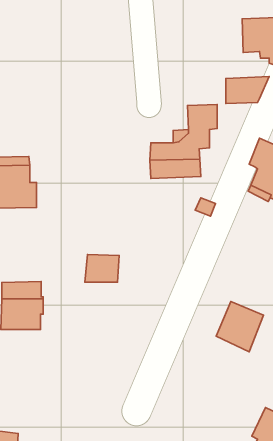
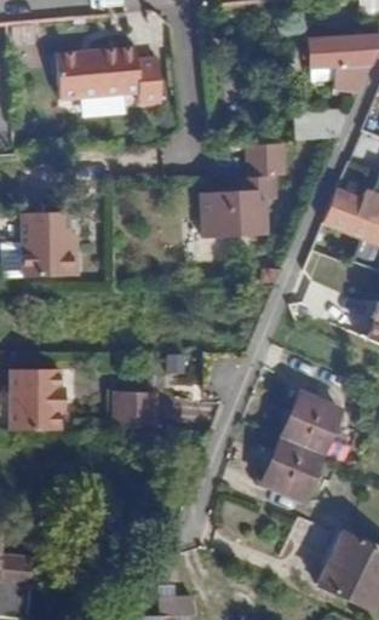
building: none -> [57,46,162,103]
building: [85,254,119,282] -> [117,391,161,426]
building: none -> [266,436,326,499]

